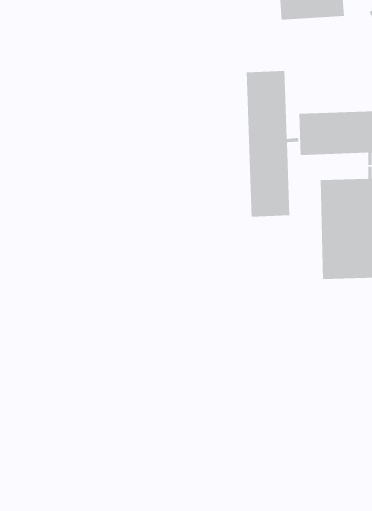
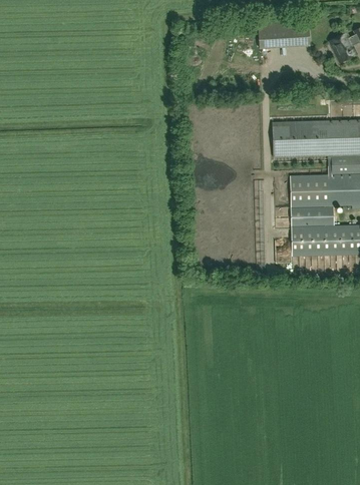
building: [246,70,299,217] -> none

